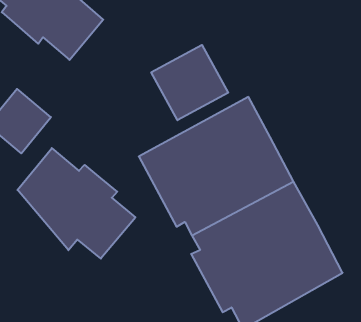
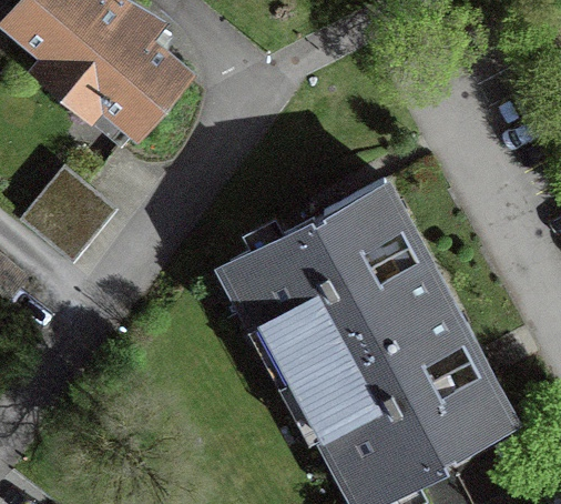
building: [151,45,228,120] -> none
building: [17,148,135,259] -> none

